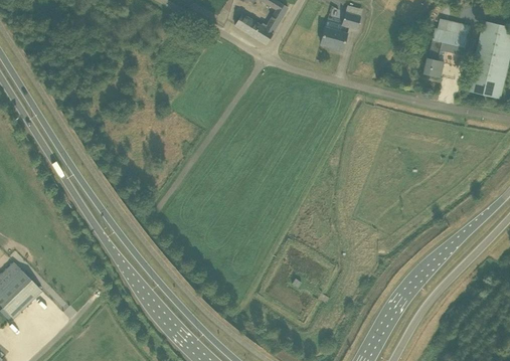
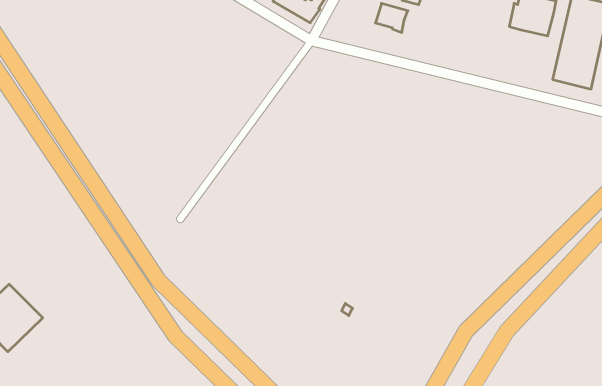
building: [423,46,444,76] -> none

